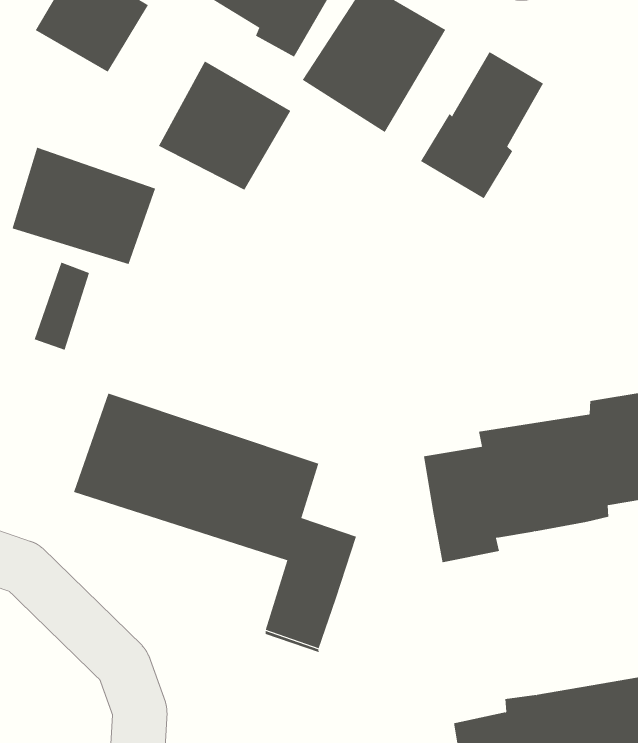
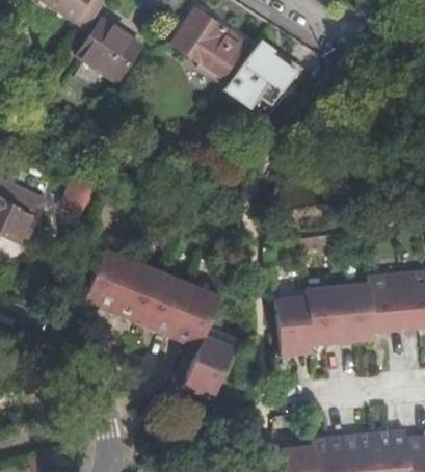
building: [420,51,544,199] -> none
building: [158,61,291,190] -> none
building: [12,147,156,265] -> none

